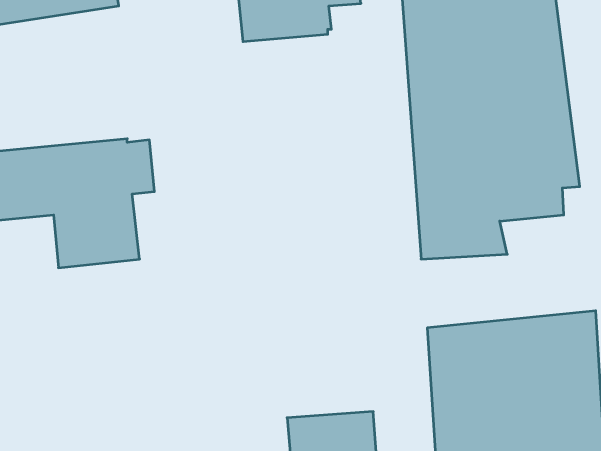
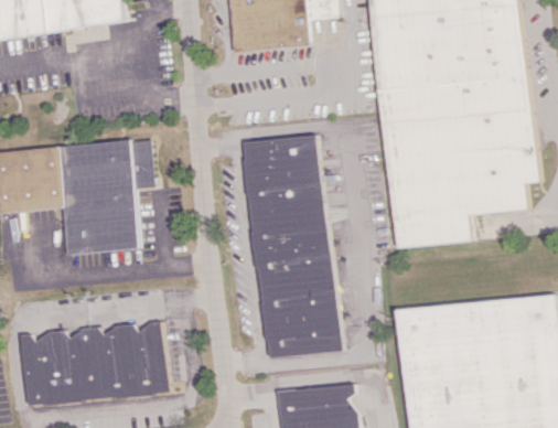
building: none -> [244,135,337,356]
building: none -> [23,321,169,405]

